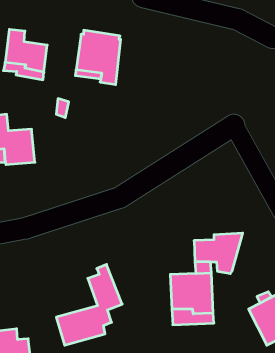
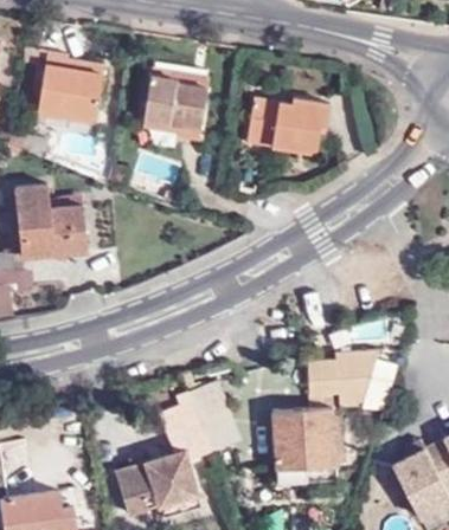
building: none -> [251,95,331,153]
building: none -> [188,389,240,455]

